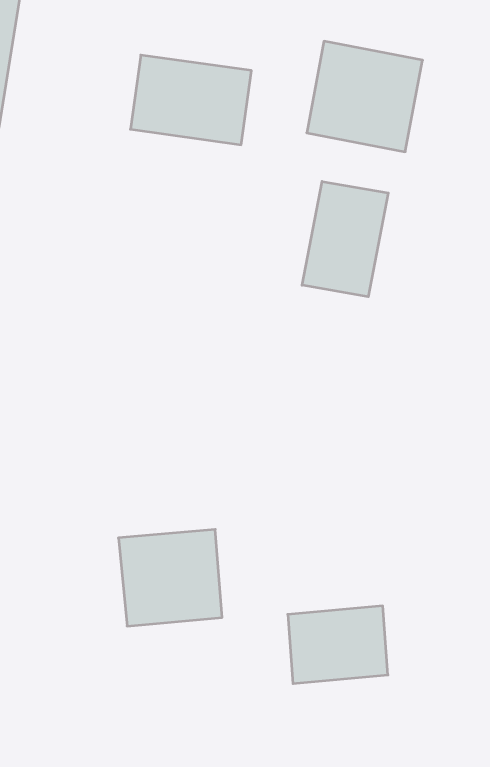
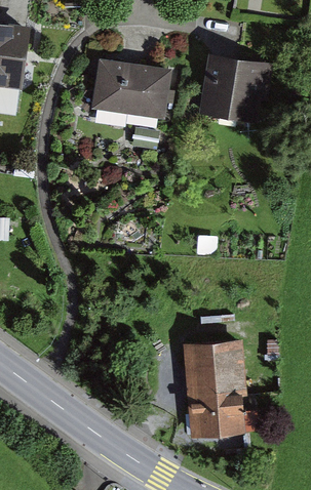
building: [302,181,388,297] -> none
building: [118,529,222,626] -> [184,338,245,396]

